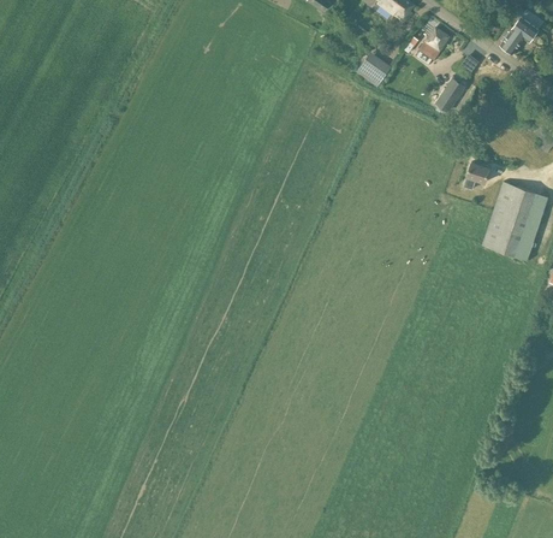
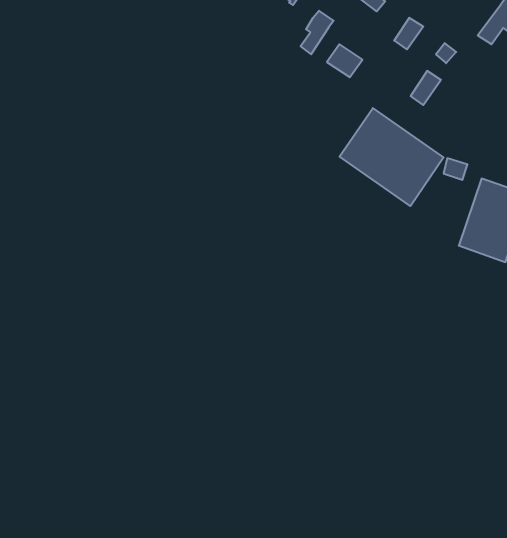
building: none -> [301,11,334,54]
building: none -> [340,108,444,206]

